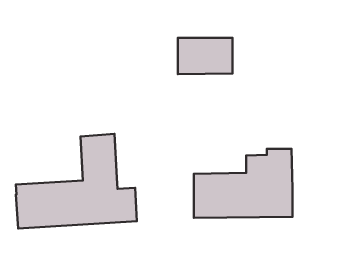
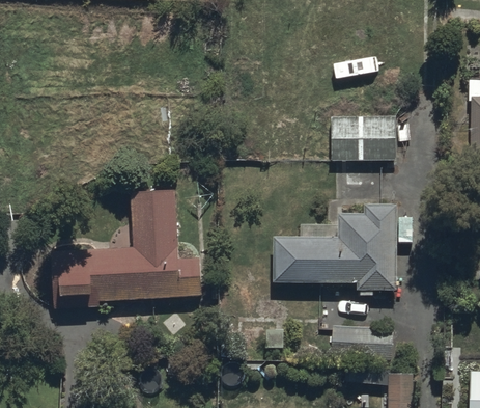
building: [178,38,233,74] -> [329,113,397,159]

